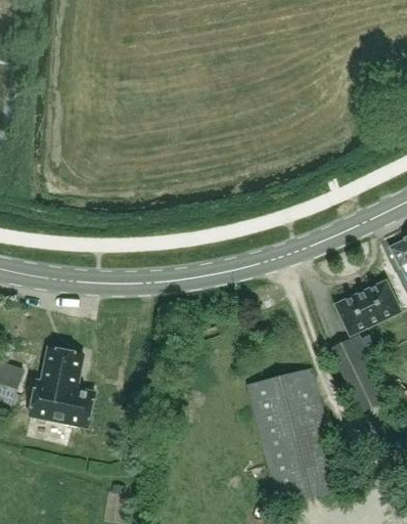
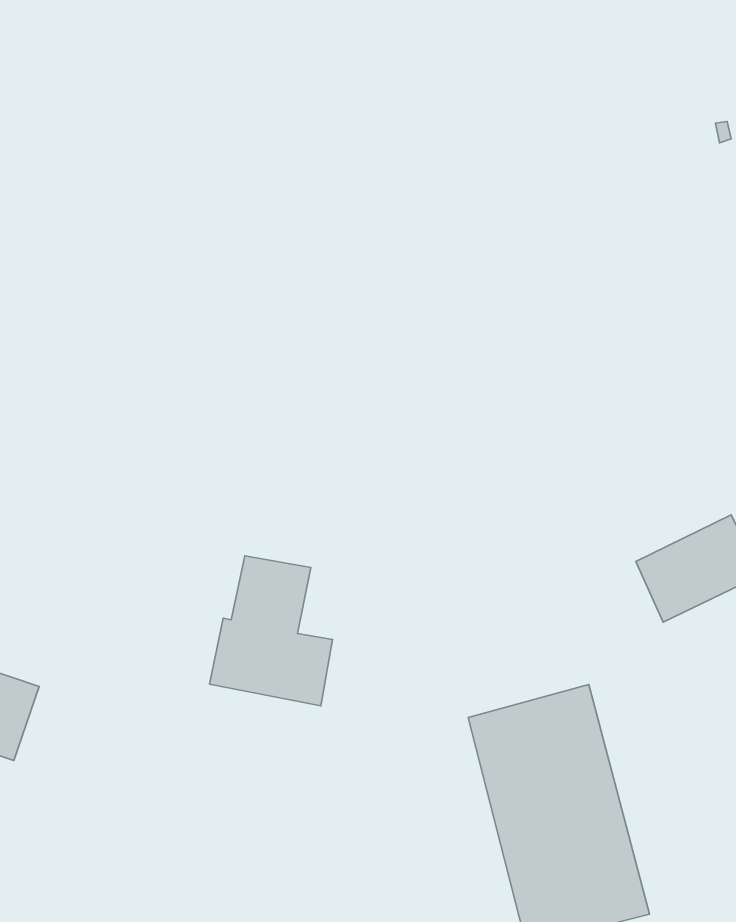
building: [329,334,382,411] -> none
building: [30,347,94,426] -> [210,556,332,706]

